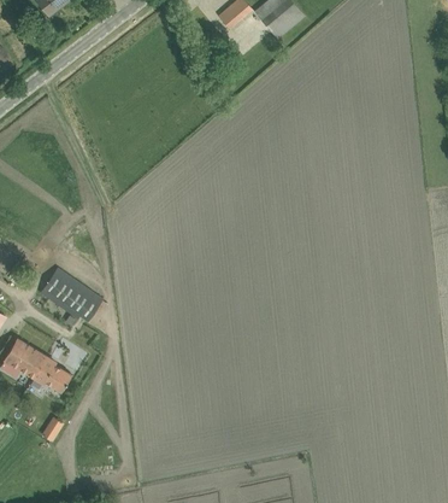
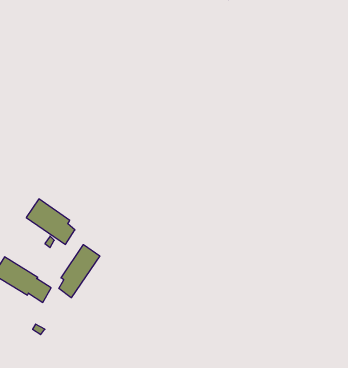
building: none -> [59,245,100,298]

